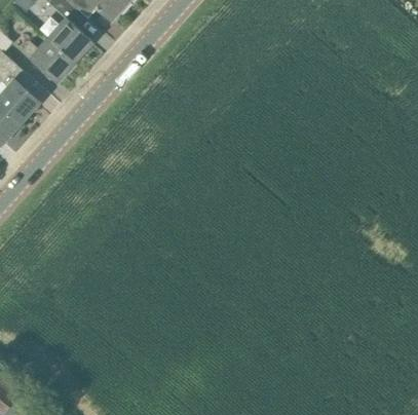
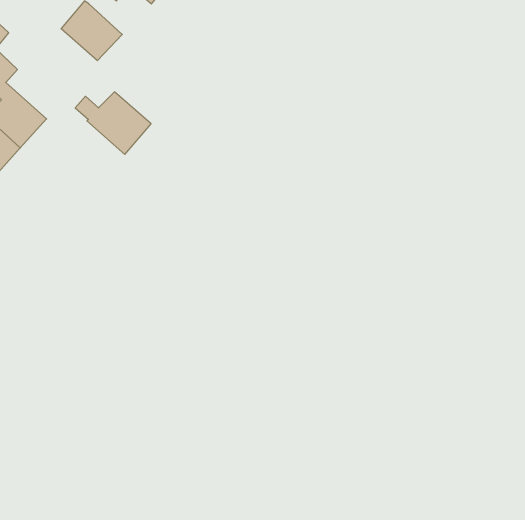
building: [21,38,74,82] -> [75,92,151,154]

